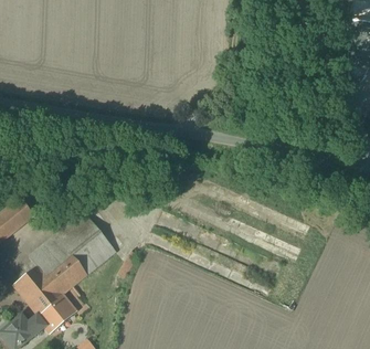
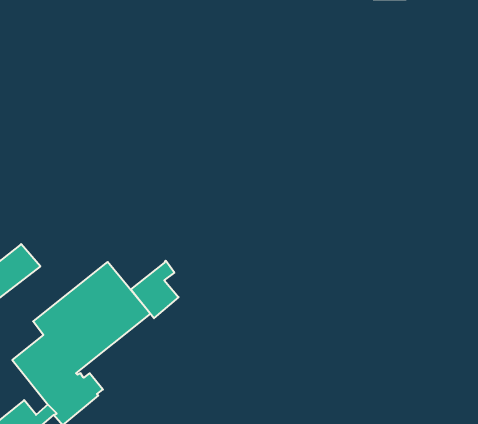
building: none -> [131,261,179,318]

